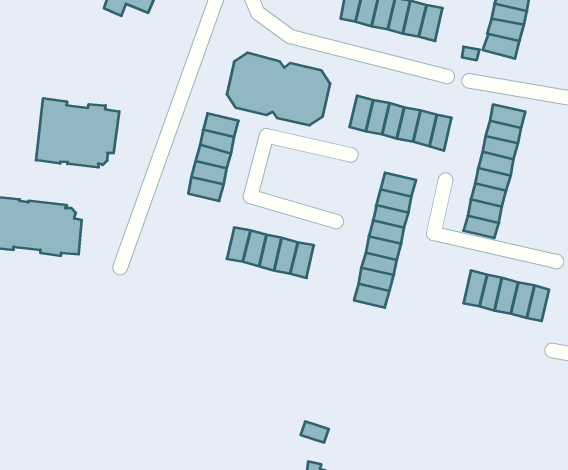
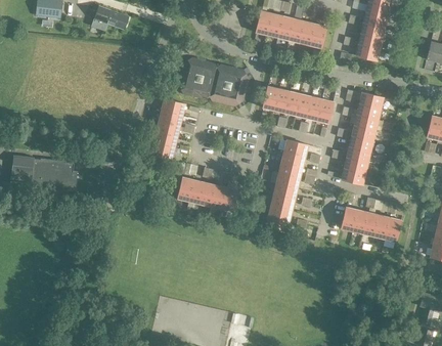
building: [36,98,119,167] -> none

